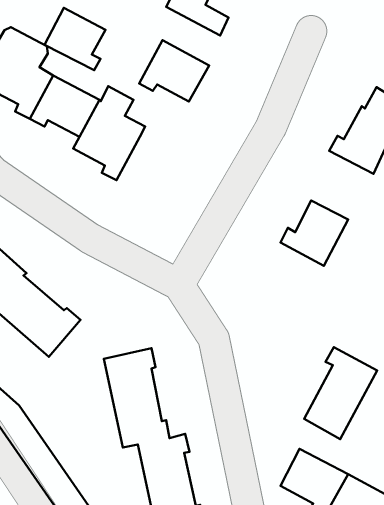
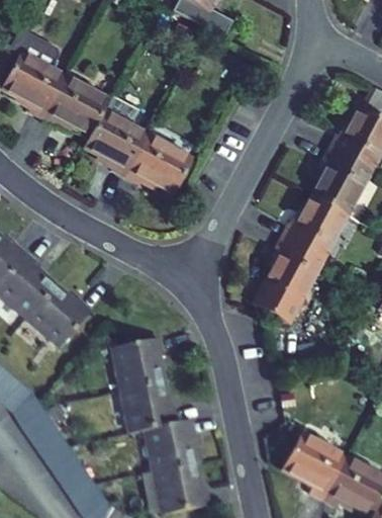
building: [44,8,106,70] -> none
building: [139,40,209,101] -> [124,136,191,194]
building: none -> [310,149,370,214]
building: [304,347,377,439] -> [253,237,322,325]

